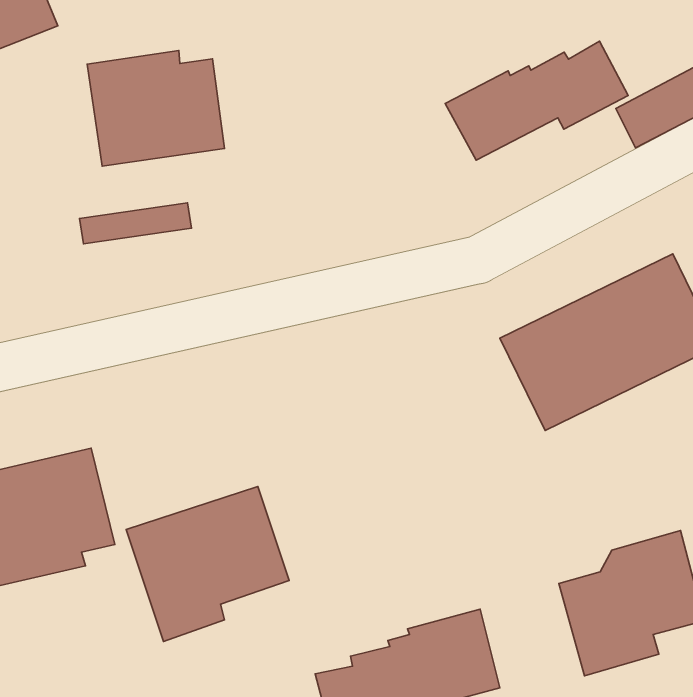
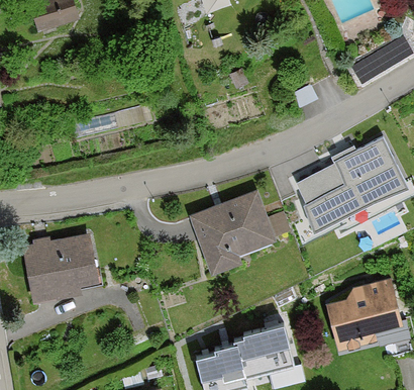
building: [445,41,628,160] -> none
building: [87,50,225,166] -> none
building: [126,486,289,642] -> [190,196,274,276]

